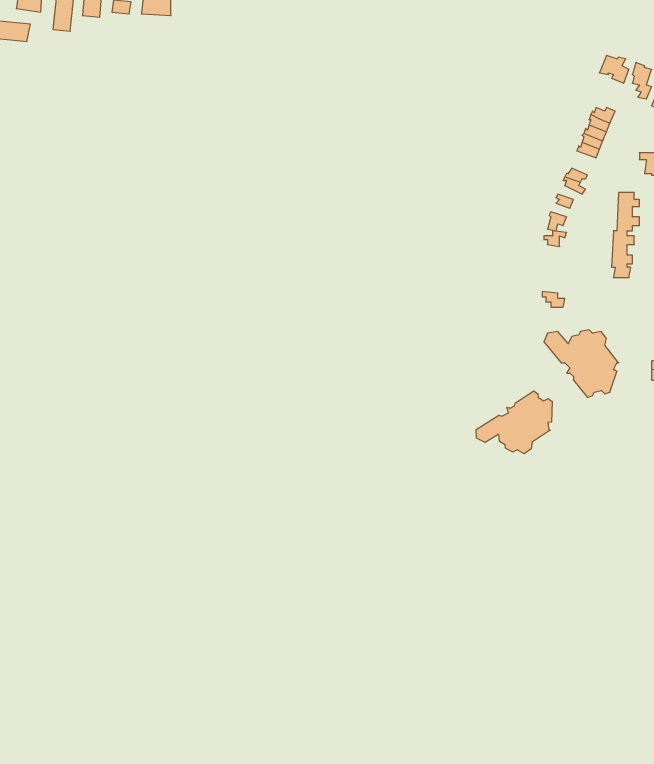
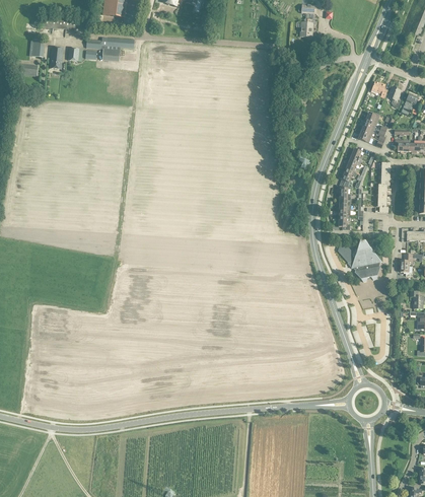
building: [476,391,552,454] -> none

